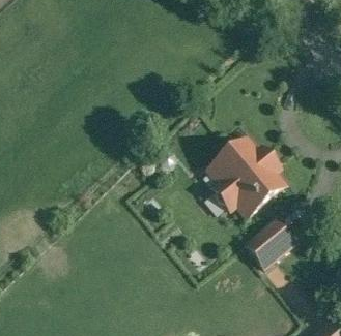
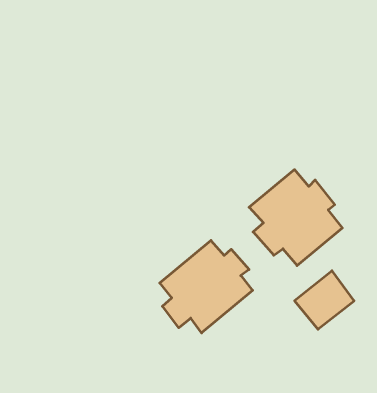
building: none -> [160,240,253,333]

